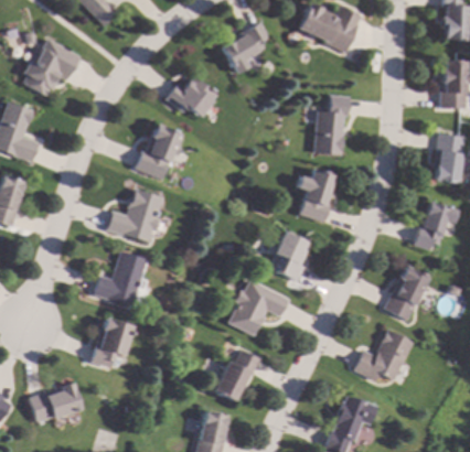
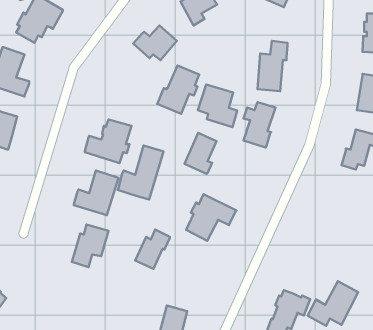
building: [133,122,184,181] -> [157,65,199,114]
building: none -> [198,84,237,127]
building: none -> [117,145,163,199]
building: [269,232,308,281] -> [185,133,217,174]
building: [385,265,431,321] -> none
building: [355,329,416,383] -> [308,281,358,326]
building: [216,351,258,398] -> [135,230,170,269]
building: [30,384,84,421] -> none

